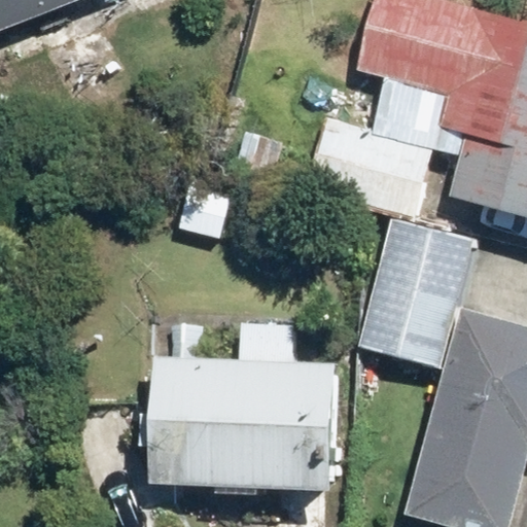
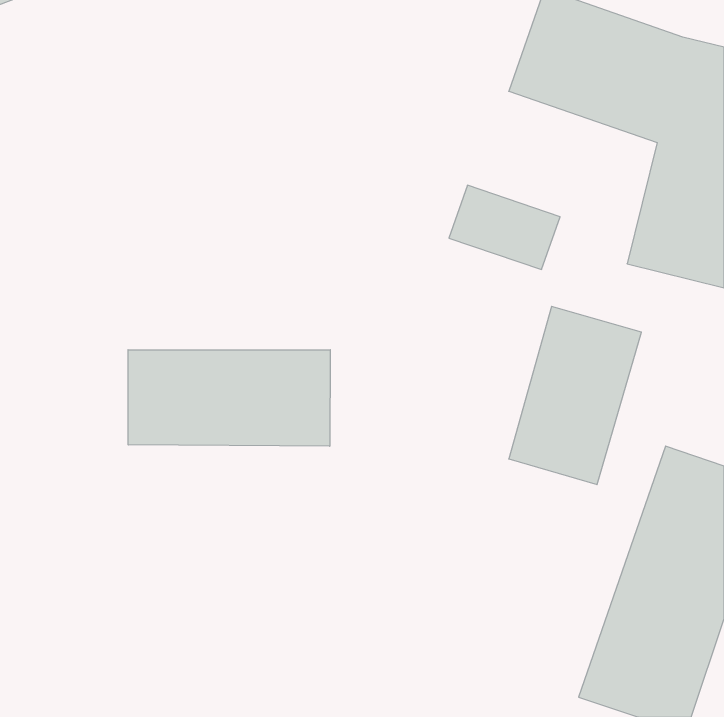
building: none -> [128,350,330,446]
building: [165,386,325,478] -> none

